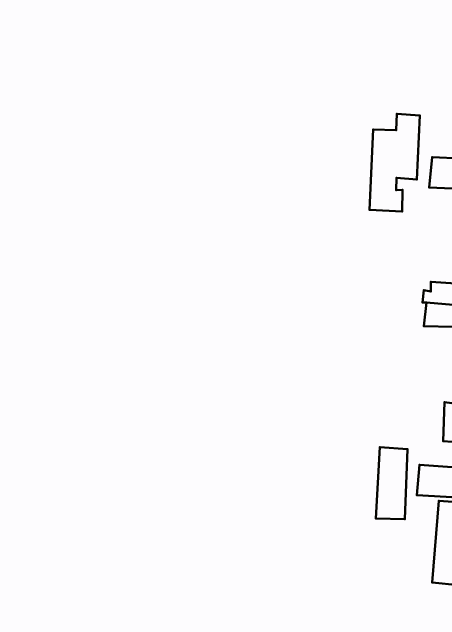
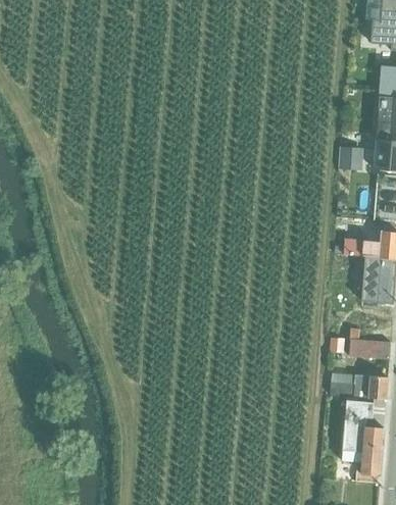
building: [370,114,420,212] -> none
building: [376,447,407,519] -> none

